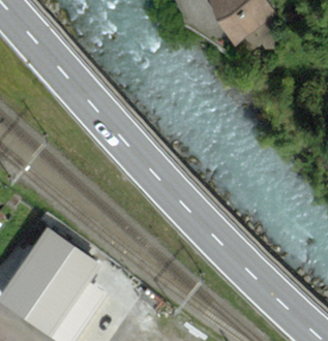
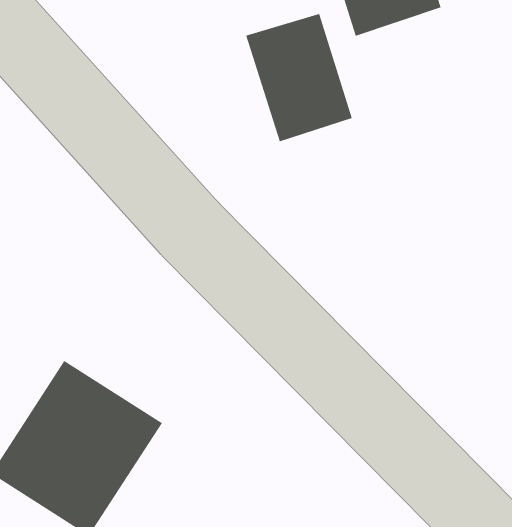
building: none -> [246,13,352,142]

